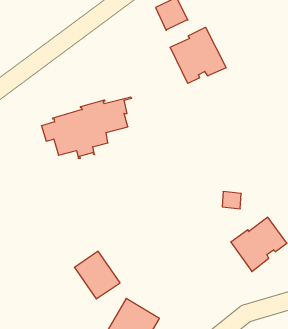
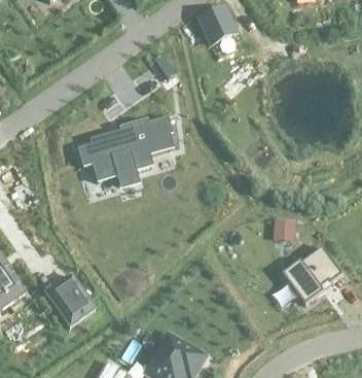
building: [170,27,226,83] -> none
building: [74,251,120,299] -> [44,275,94,327]

